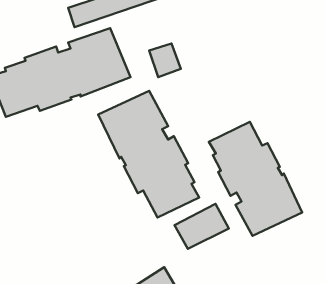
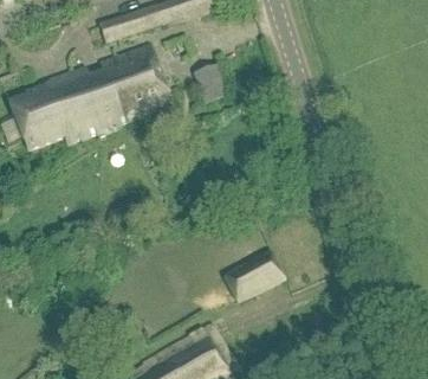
building: [98,91,199,218] -> none
building: [209,122,302,236] -> none

